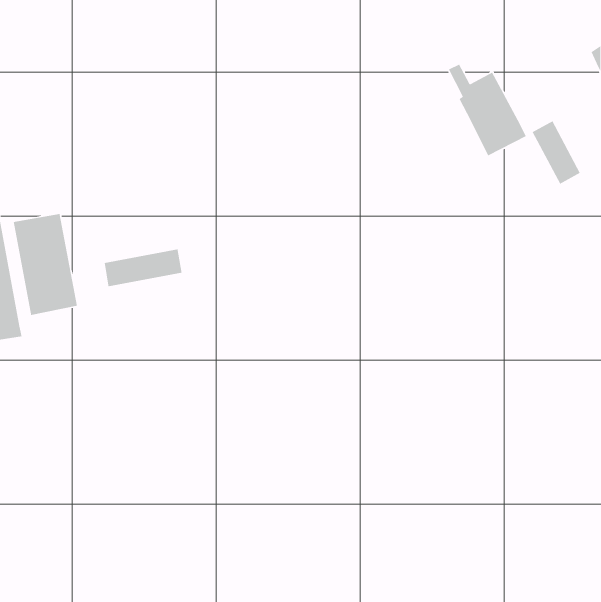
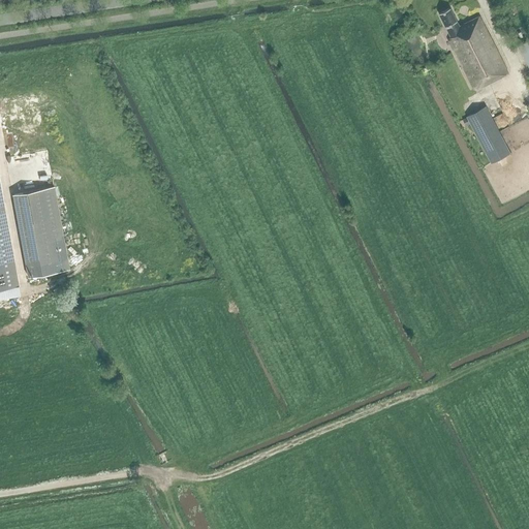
building: [448,63,527,156] -> [438,8,507,90]
building: [104,249,182,287] -> none

